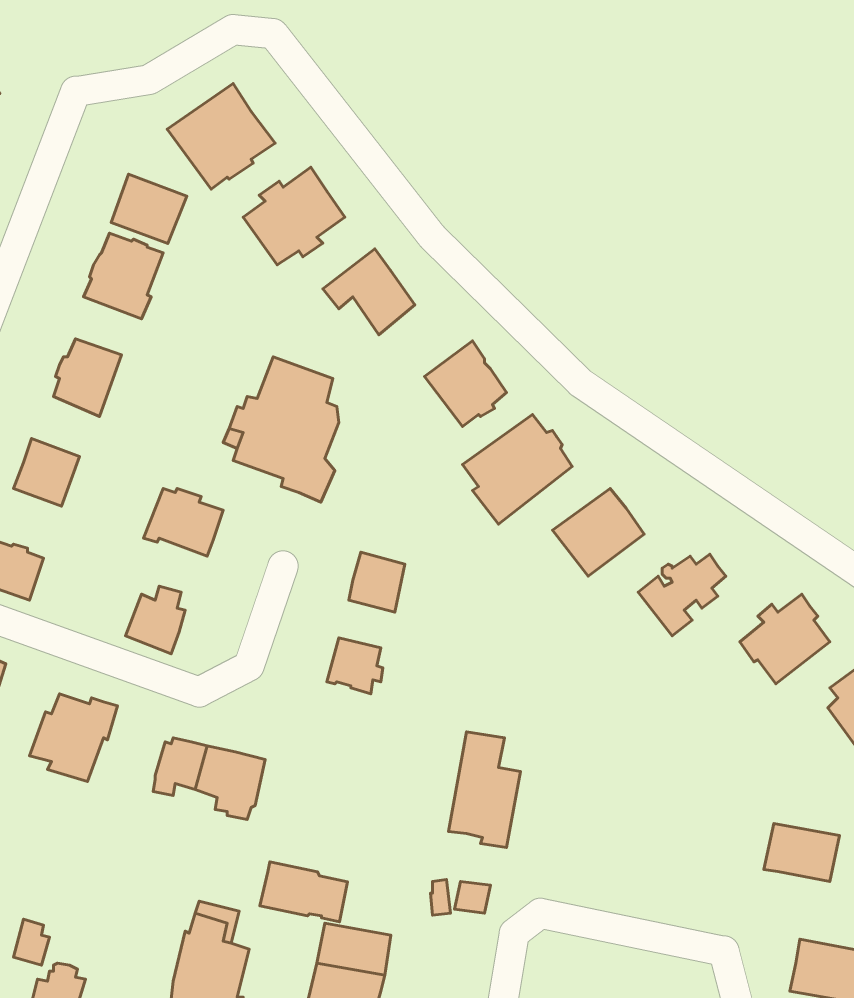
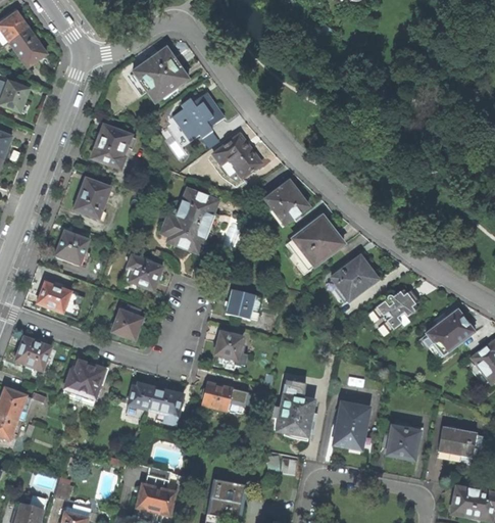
building: [111,174,187,244] -> none
building: none -> [334,400,373,449]
building: none -> [384,421,420,458]
building: [260,862,347,922] -> [202,381,247,412]

